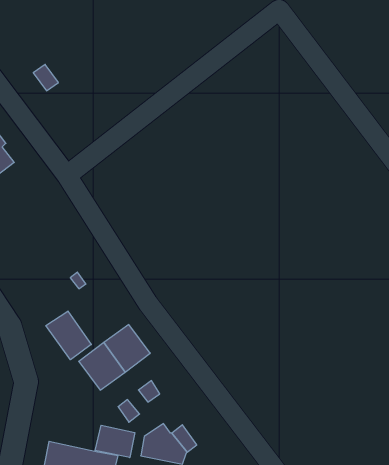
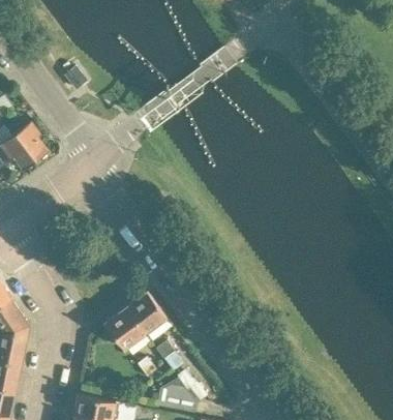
building: [46,311,91,360] -> none
building: [95,425,135,458] -> none

